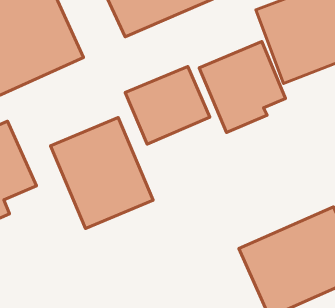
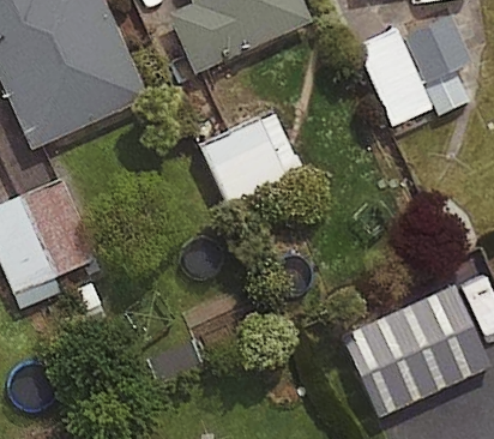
building: [199,41,286,133] -> none
building: [50,118,153,228] -> none

